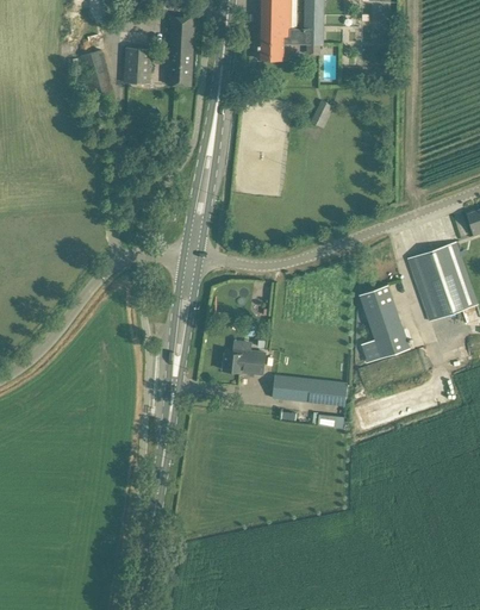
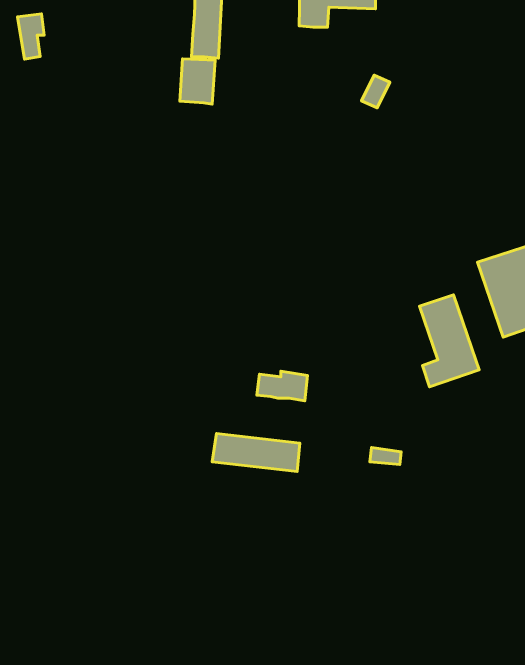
building: [121,46,151,85] -> [180,59,215,104]
building: [82,50,105,88] -> [17,14,44,59]
building: [272,374,345,406] -> [212,433,300,472]

